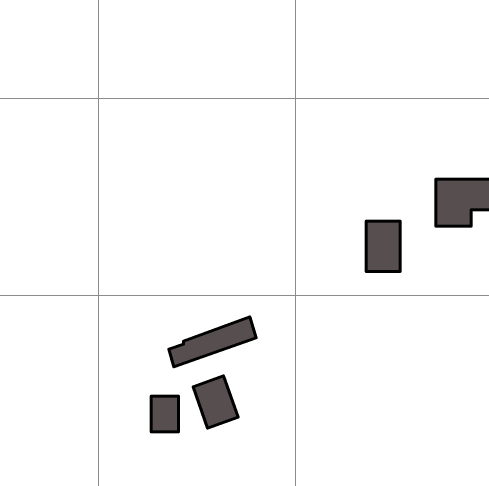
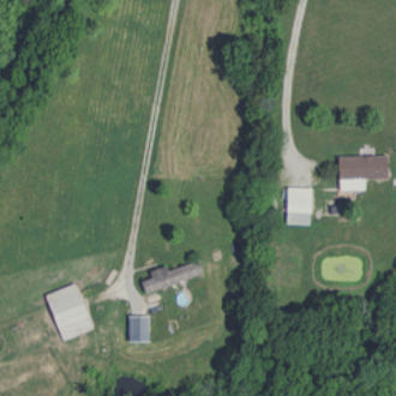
building: none -> [47,284,91,340]
building: [193,376,238,428] -> none

